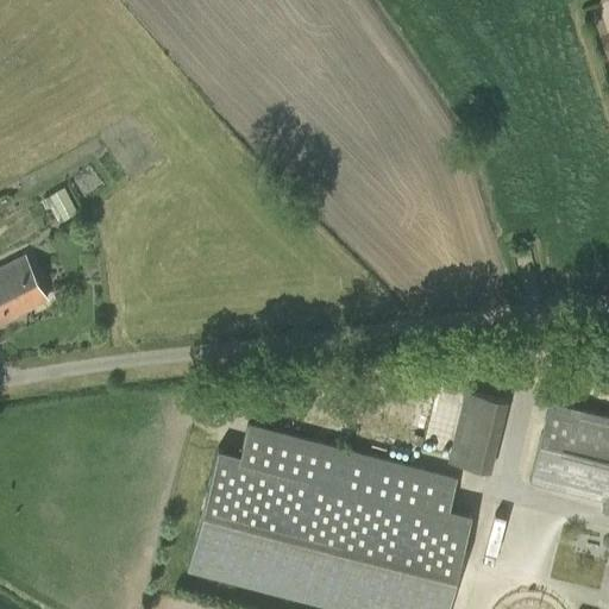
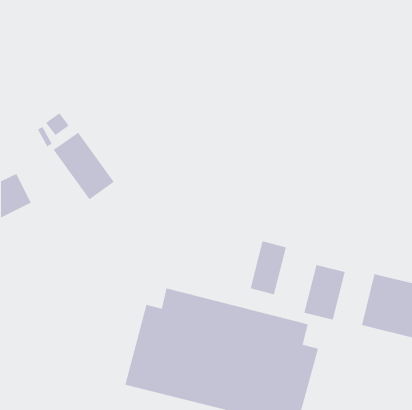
building: none -> [53,132,115,200]
building: none -> [250,241,286,295]

